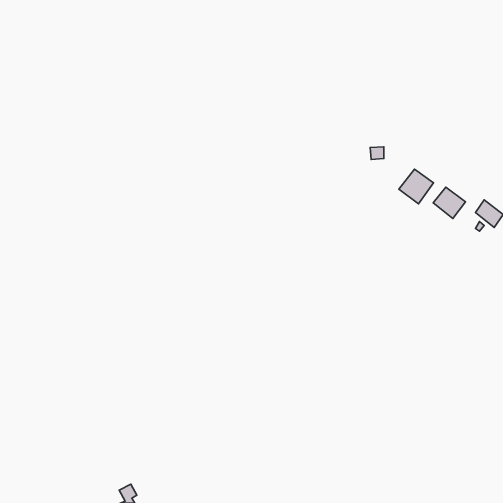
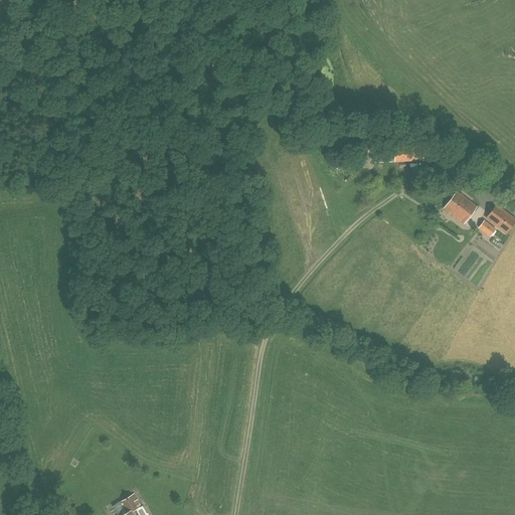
building: [399,169,434,204] -> none

